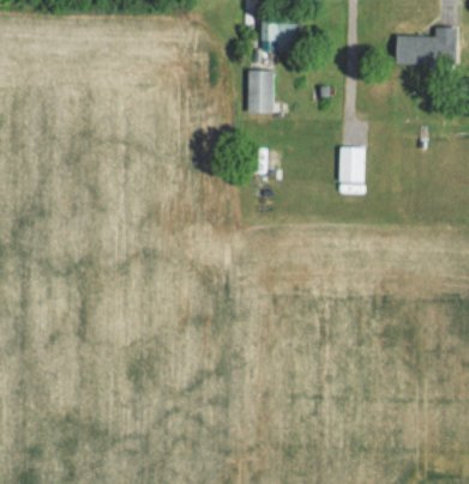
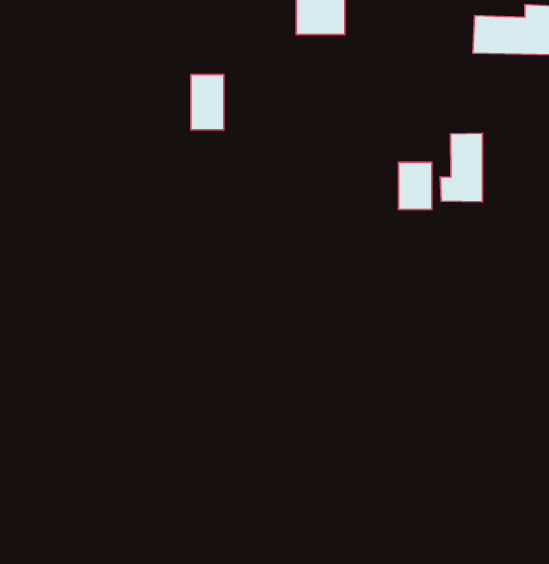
building: [248,72,273,114] -> [191,75,224,130]
building: none -> [440,133,483,202]

